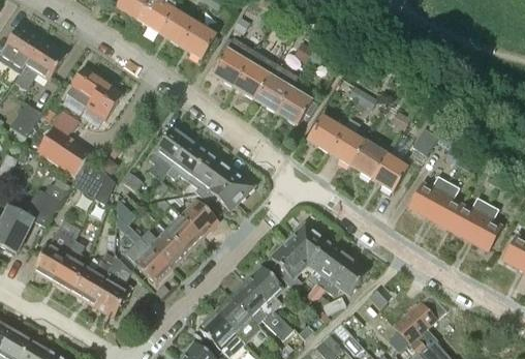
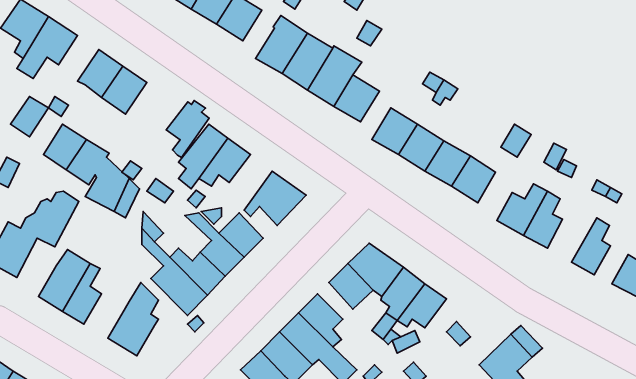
building: [189,151,224,198] -> [166,101,209,158]
building: [450,198,490,240] -> none
building: [70,250,117,302] -> none

